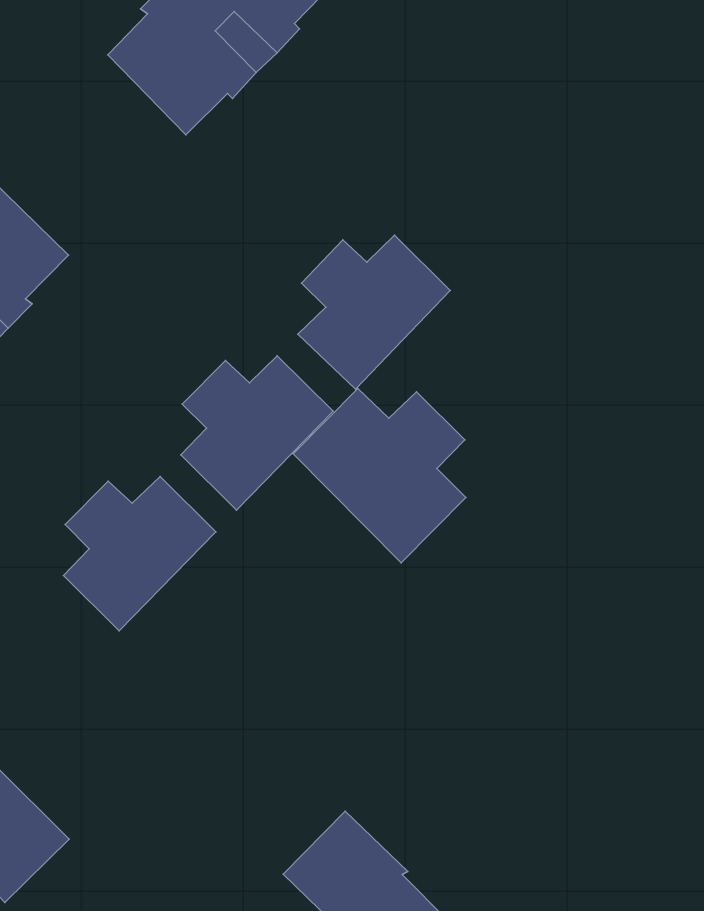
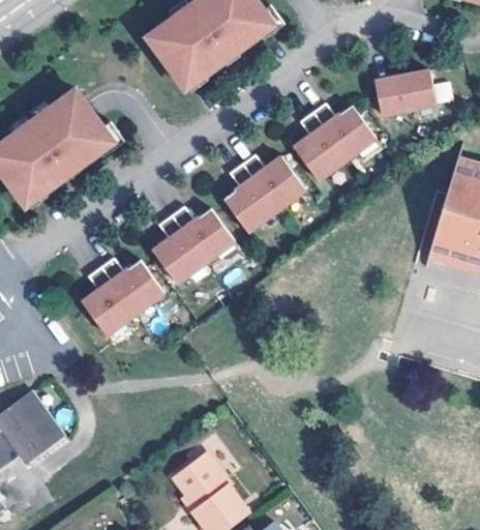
building: none -> [374,69,436,115]
building: none -> [294,102,376,180]
building: [293,389,466,563] -> none

